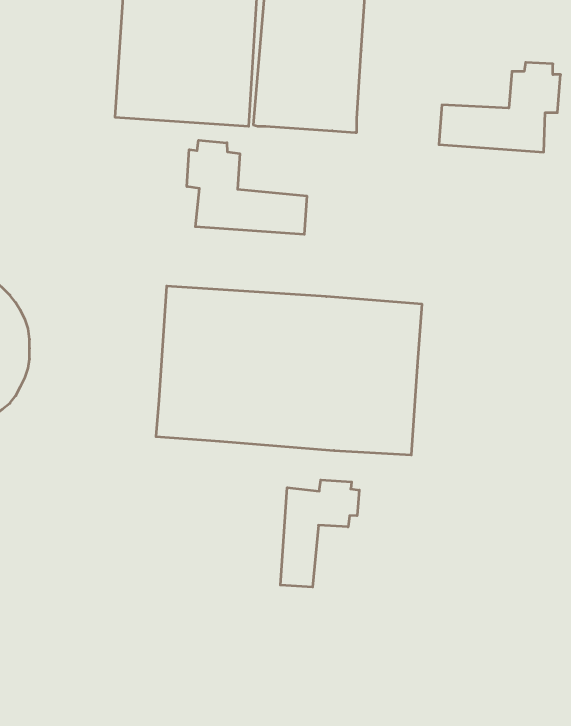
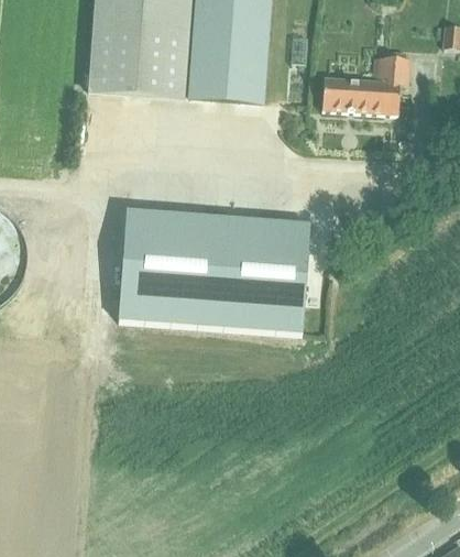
building: [187,140,307,234] -> none
building: [280,480,359,587] -> none

